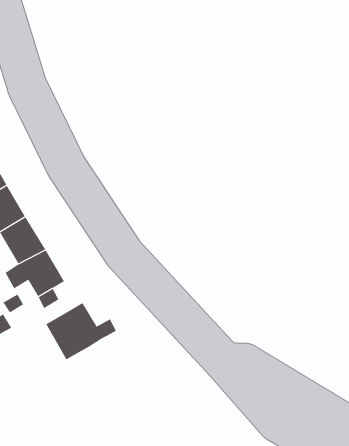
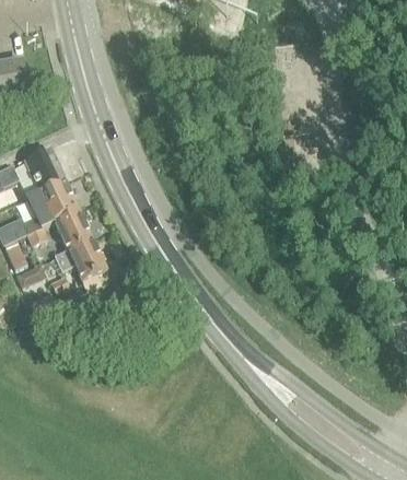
building: [46,302,117,360] -> none

